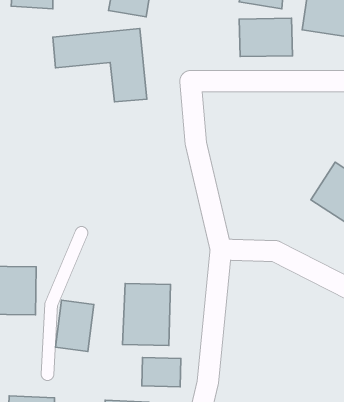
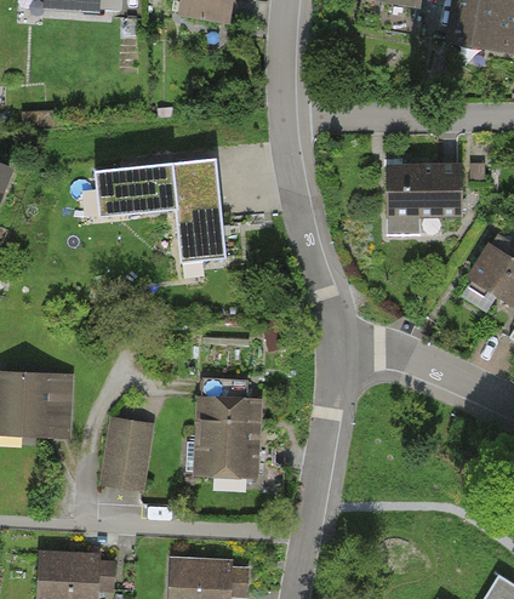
building: [239,18,292,57] -> [384,161,458,215]
building: [53,29,147,102] -> [98,159,229,261]
building: [142,358,181,387] -> none

